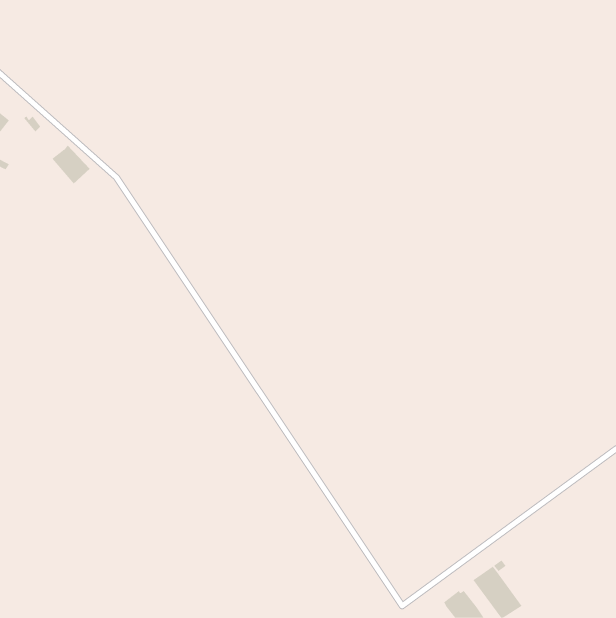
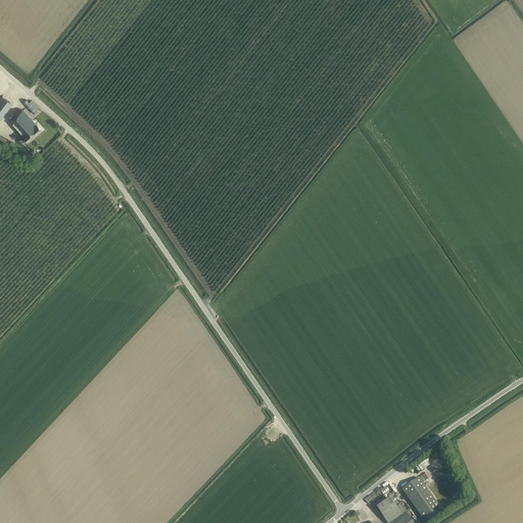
building: [52,144,91,185] -> [5,106,38,140]

